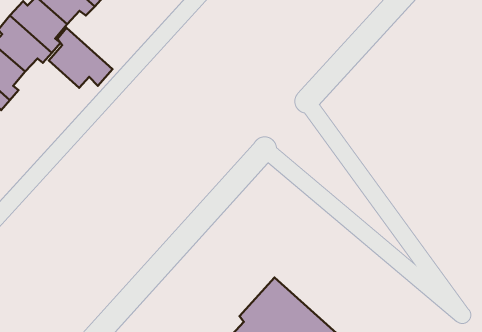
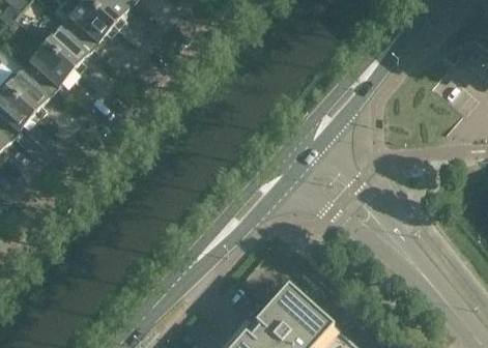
building: [49,28,113,88] -> none

